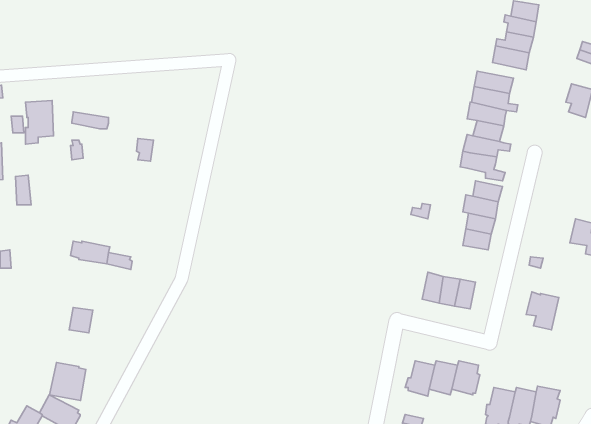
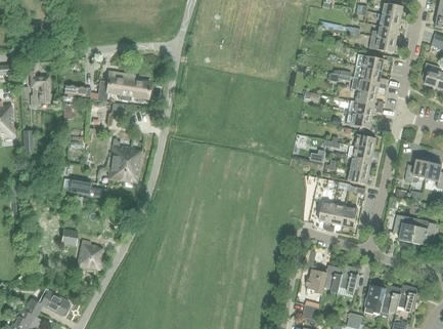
building: none -> [96,70,150,102]
building: none -> [107,138,141,182]
building: none -> [405,160,430,183]
building: none -> [412,219,436,245]
building: [49,362,86,400] -> [77,242,103,270]

